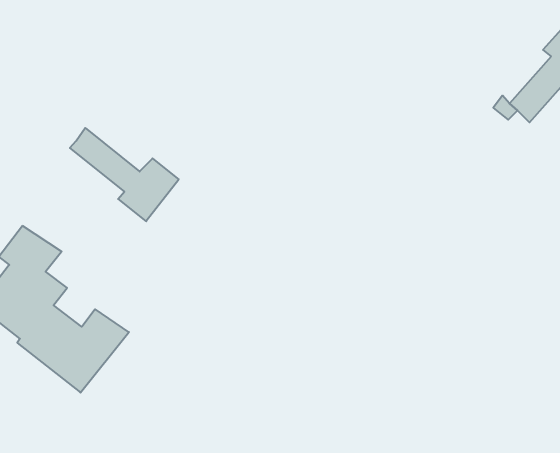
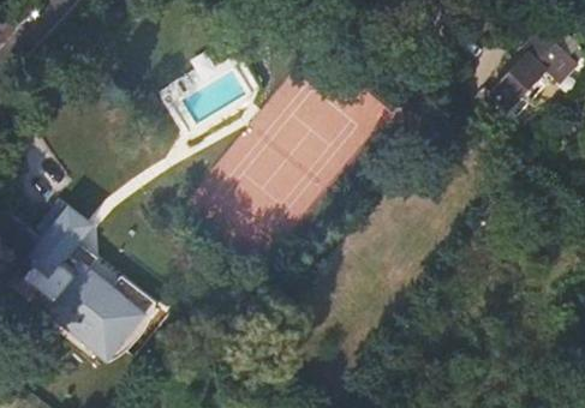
building: [70,128,179,221] -> none

